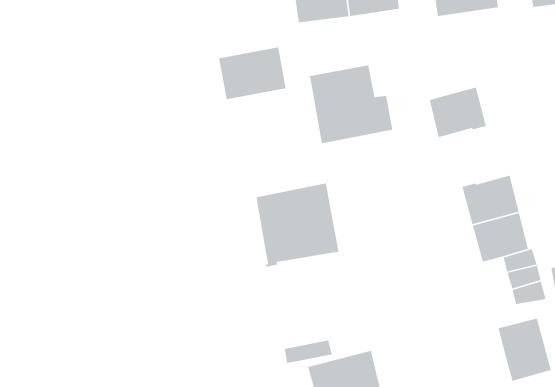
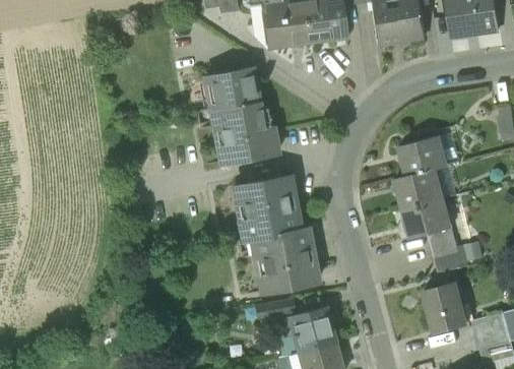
building: [306,64,393,144] -> [208,102,277,165]
building: [429,87,487,138] -> [400,136,446,177]
building: none -> [251,228,317,294]

